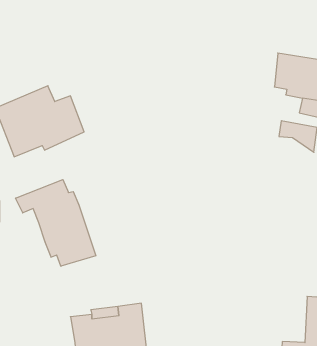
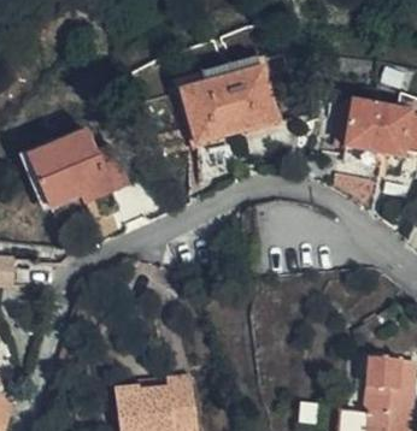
building: none -> [181,66,277,141]
building: [16,180,96,266] -> none

